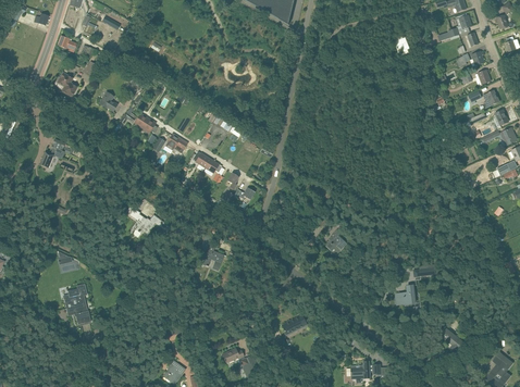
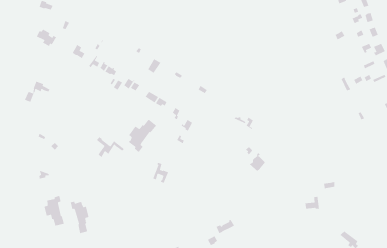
building: none -> [128,119,157,153]
building: none -> [70,201,89,234]

